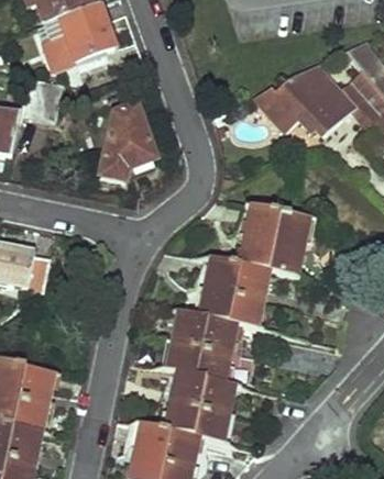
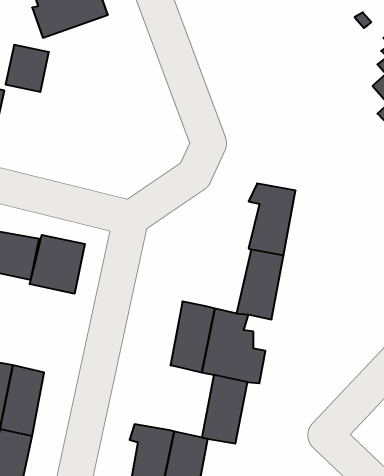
building: [254,62,354,132] -> none
building: [96,104,153,179] -> none
building: [273,209,319,274] -> none
building: none -> [30,235,85,294]
building: [201,254,243,321] -> none
building: [161,370,209,434] -> none

